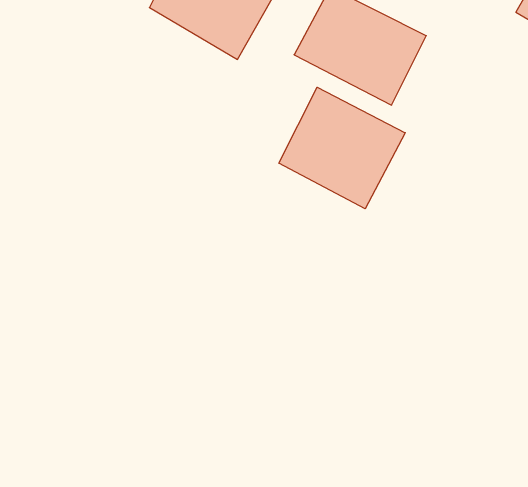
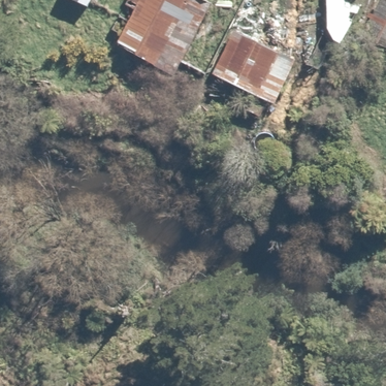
building: [279,87,405,209] -> none

